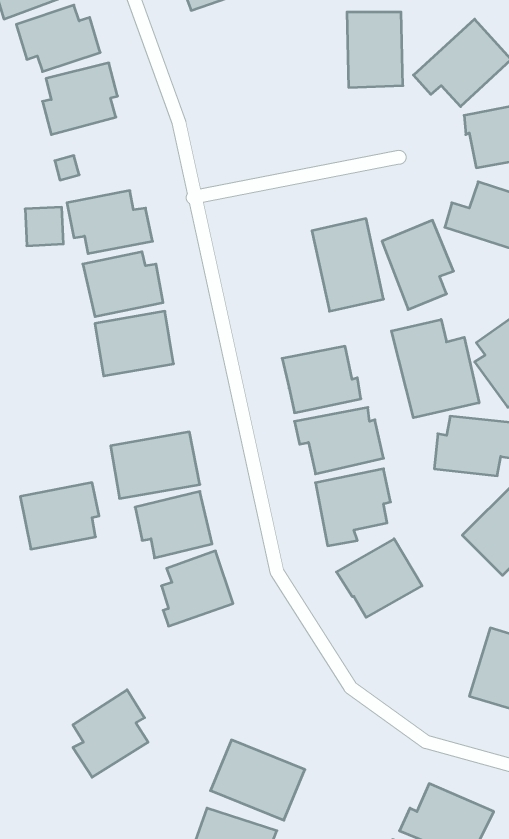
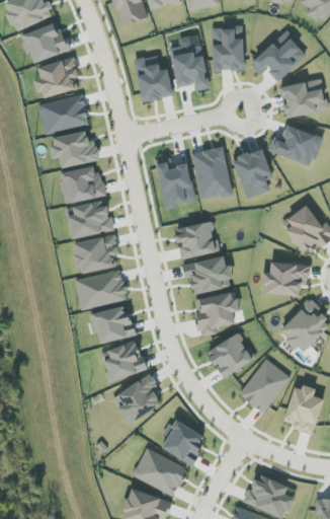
building: none -> [171,43,209,89]
building: none -> [135,54,173,100]
building: [25,207,63,246] -> [60,105,82,128]
building: none -> [156,156,195,208]
building: [391,319,479,418] -> none
building: [20,483,99,549] -> [73,234,118,273]
building: none -> [239,358,291,413]
building: [73,690,148,777] -> [117,373,161,424]
building: none -> [161,420,207,464]

